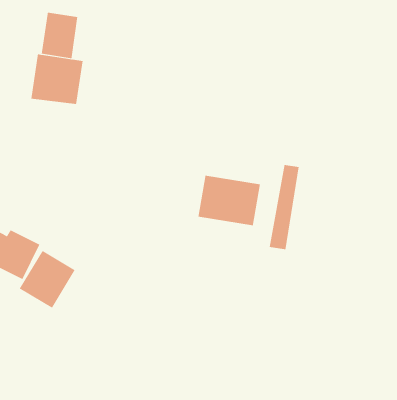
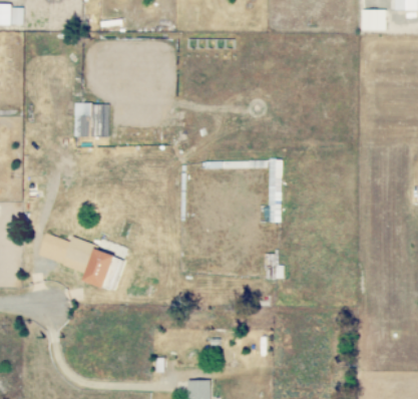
building: [41,12,78,59] -> none
building: [198,175,261,226] -> none

